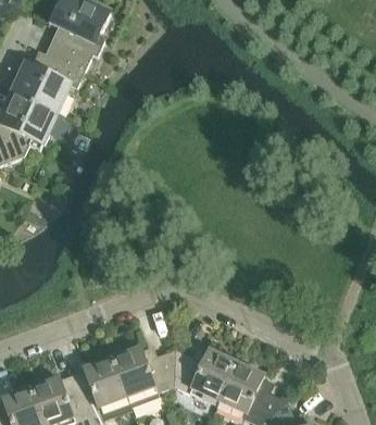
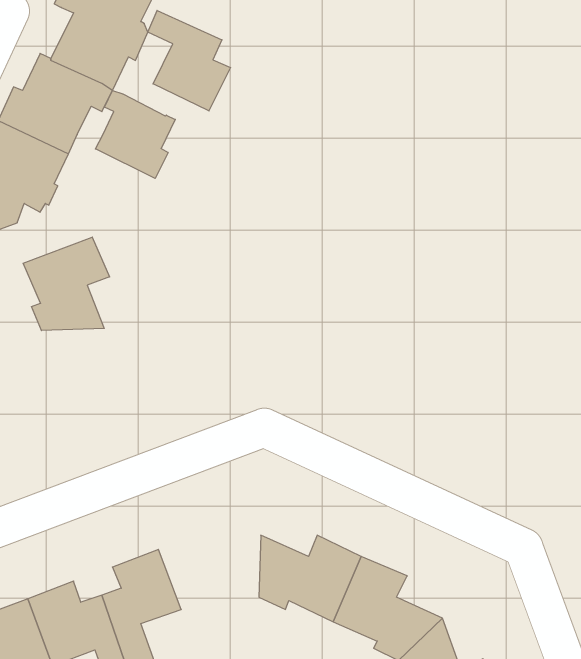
building: none -> [148,10,231,111]
building: none -> [95,90,175,178]
building: none -> [23,237,110,331]
building: [111,346,174,393] -> none

